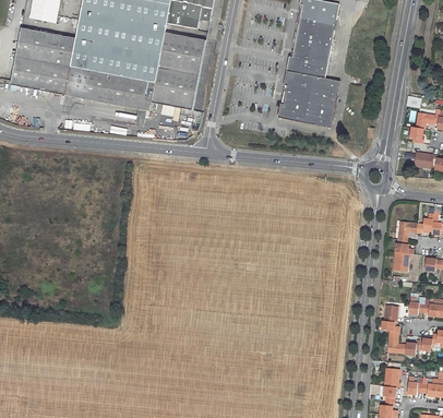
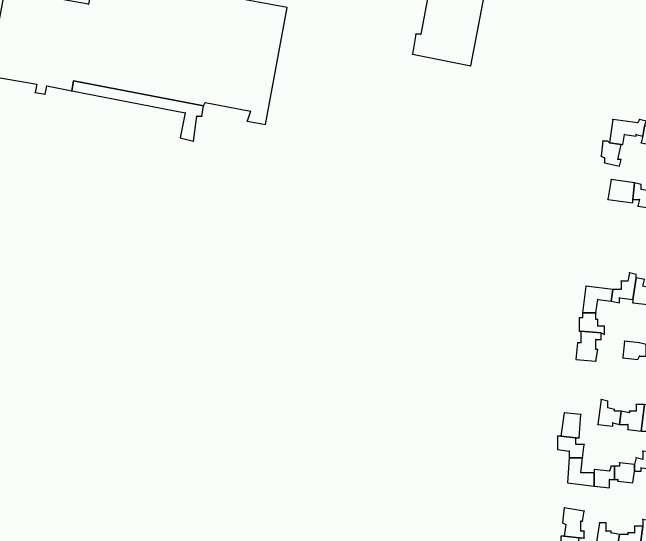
building: [277,70,339,128] -> none

